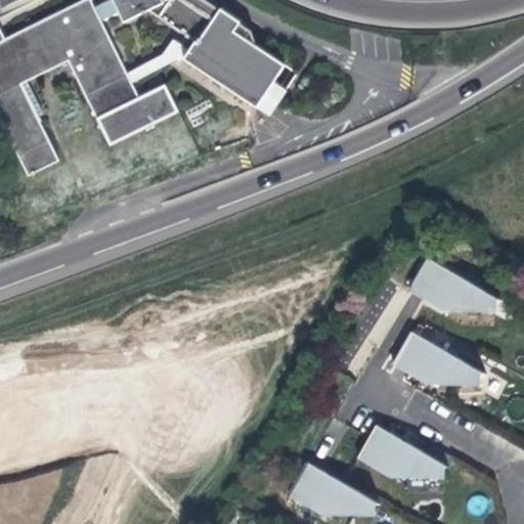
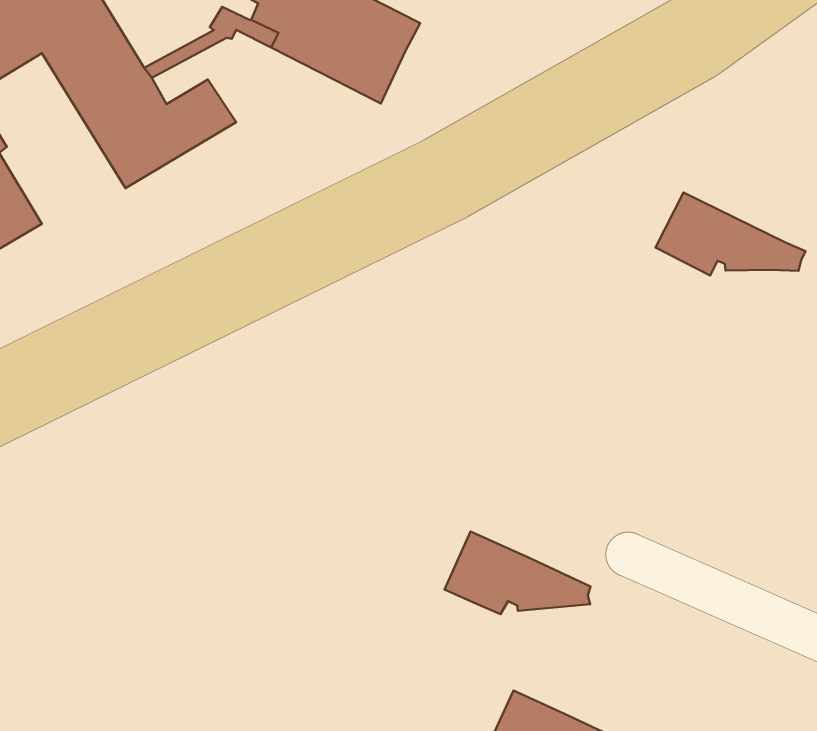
building: [402,257,490,309] -> [655,193,805,276]
building: [395,331,483,383] -> none
building: [358,425,444,475] -> [444,531,590,614]

